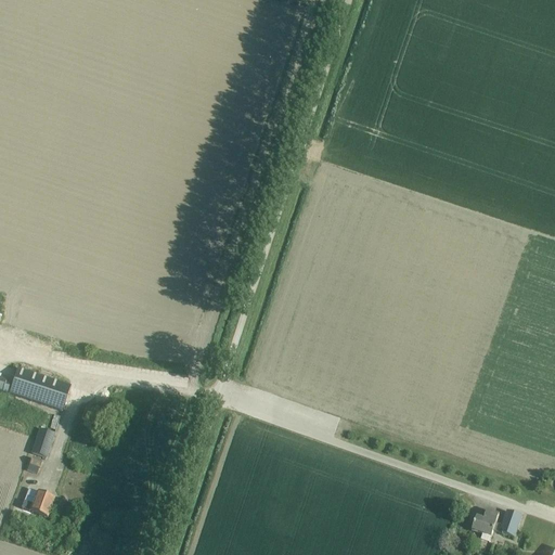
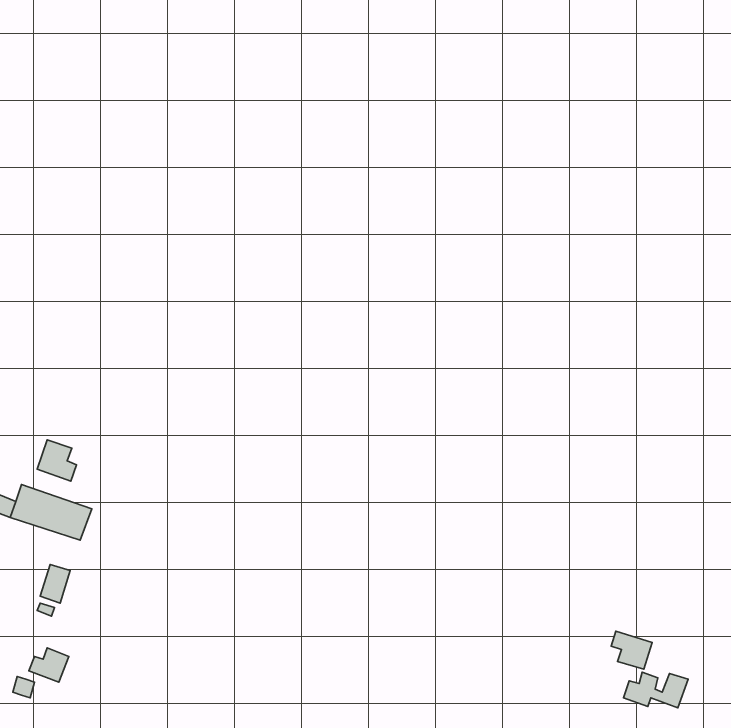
building: none -> [37,440,76,481]
building: none -> [611,631,652,669]

